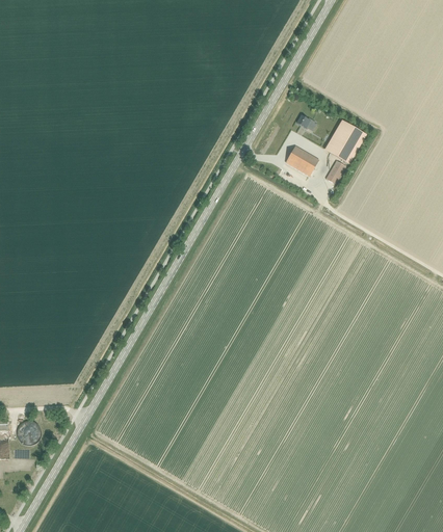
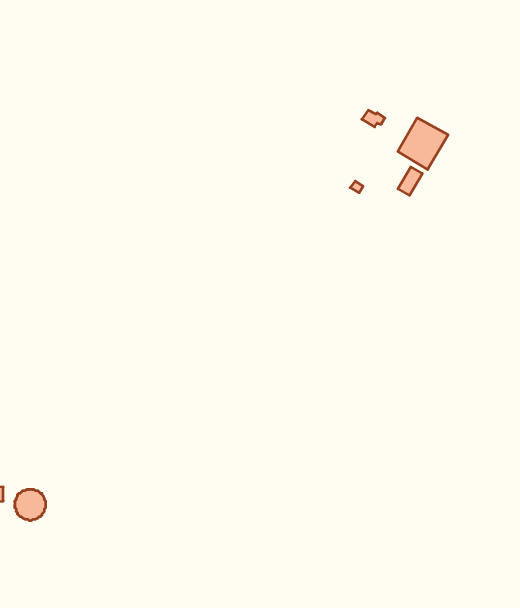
building: [286,145,319,176] -> none

